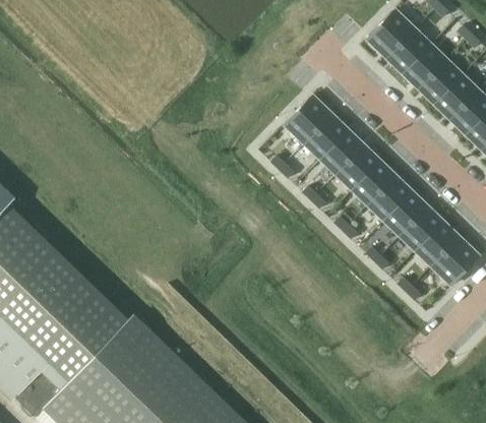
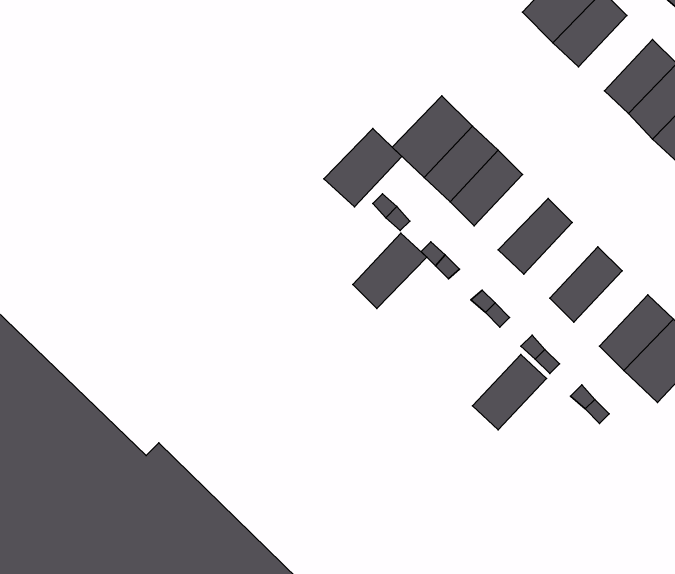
building: [401,42,447,89] -> none
building: none -> [324,128,402,207]
building: [335,142,381,190] -> [353,233,427,309]
building: [366,173,413,221] -> none
building: [398,203,444,251] -> [473,354,547,430]

